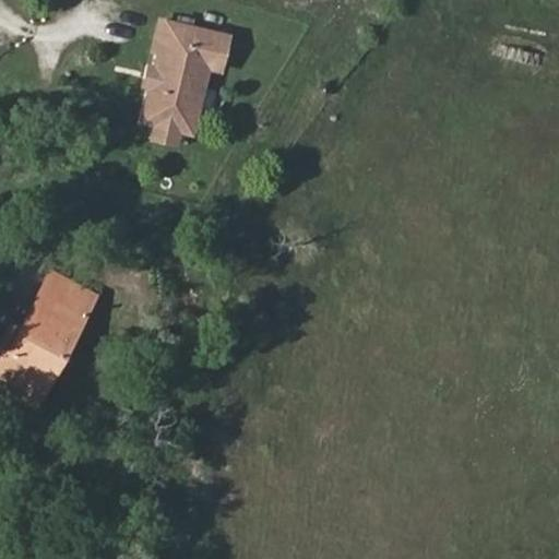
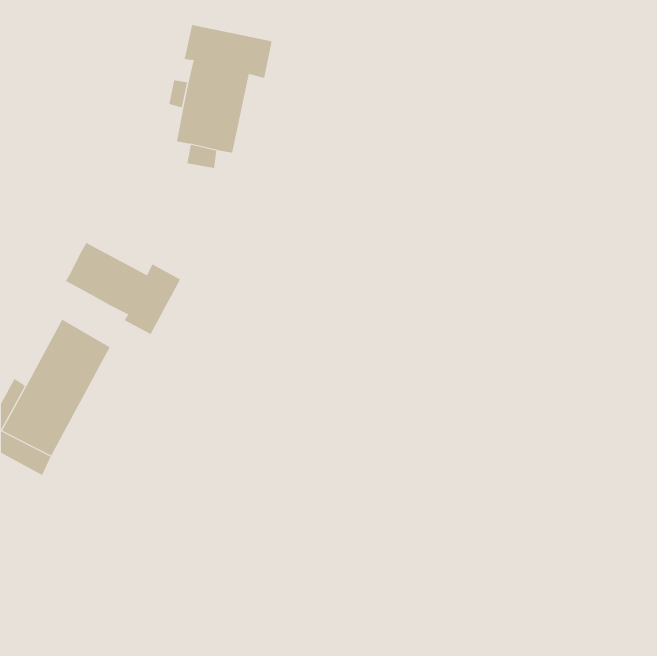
building: none -> [65,242,181,335]

